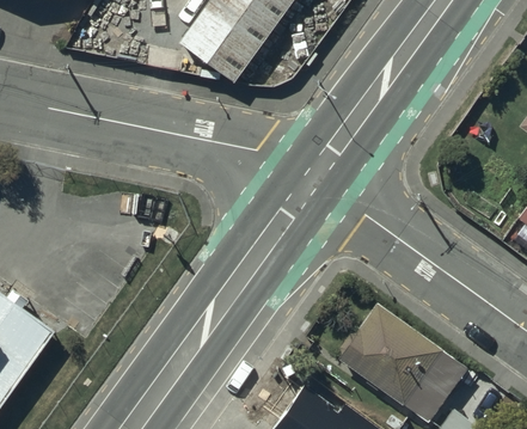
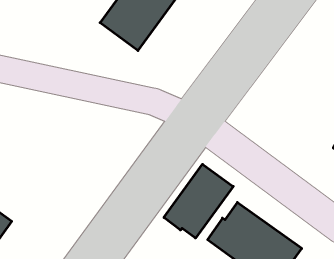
building: none -> [164,164,233,238]

